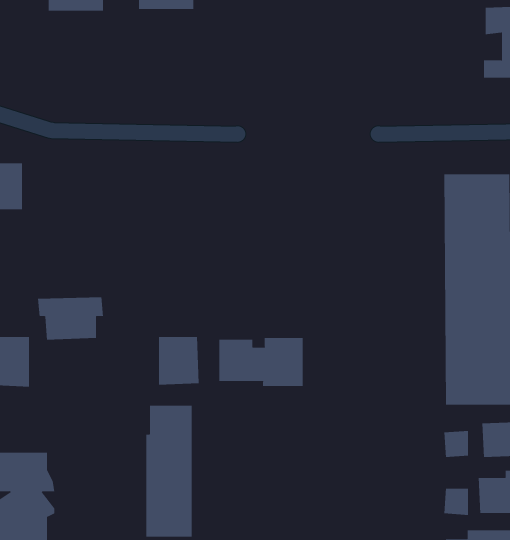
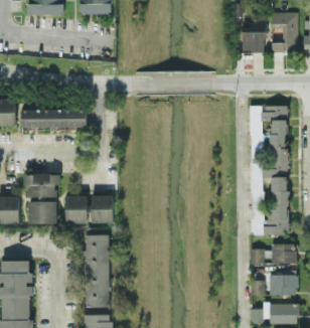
building: none -> [242,20,265,52]
building: none -> [20,109,87,129]
building: none -> [64,196,88,223]
building: [219,337,303,387] -> none
building: none -> [27,201,56,224]

